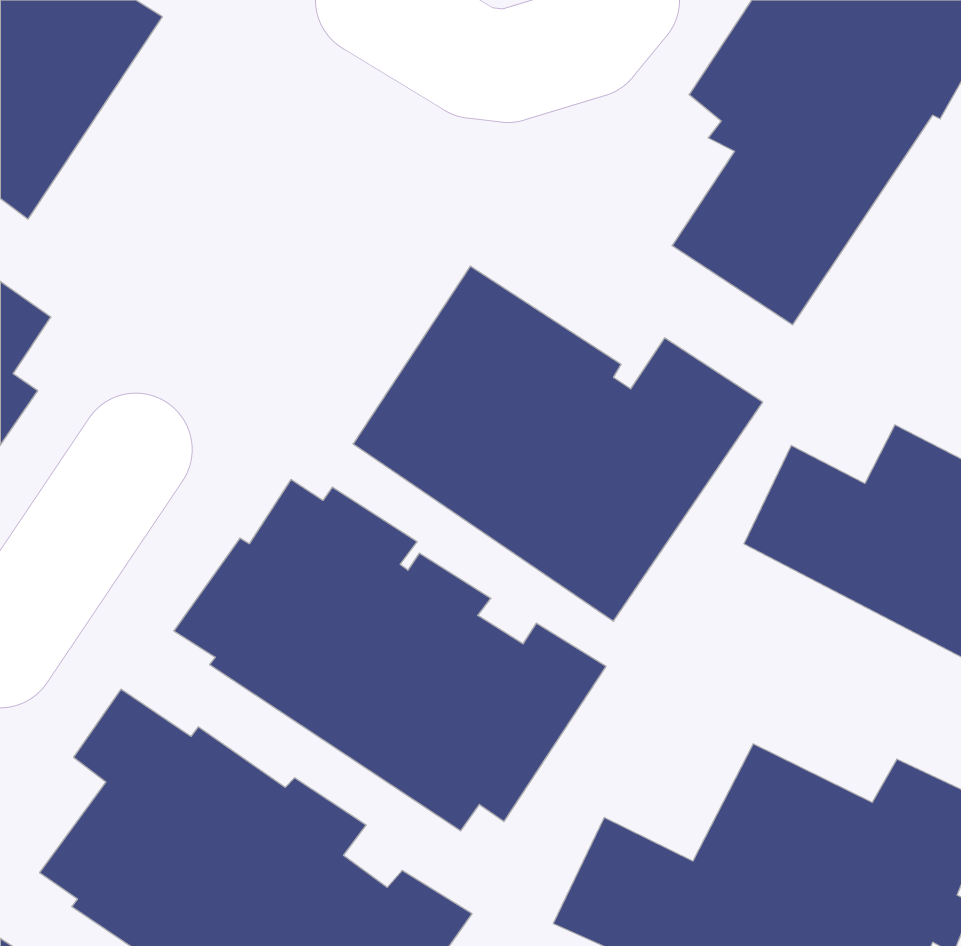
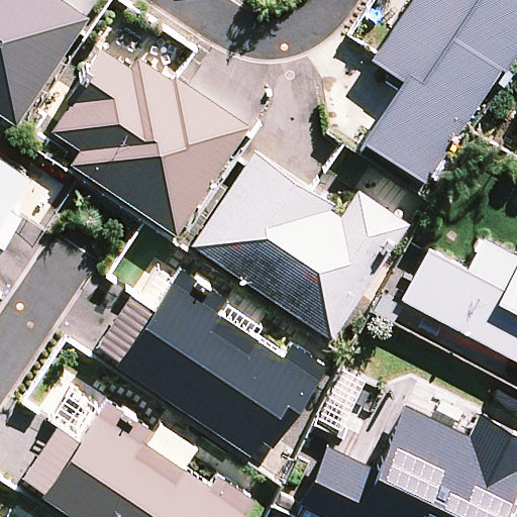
building: none -> [50,50,249,237]

